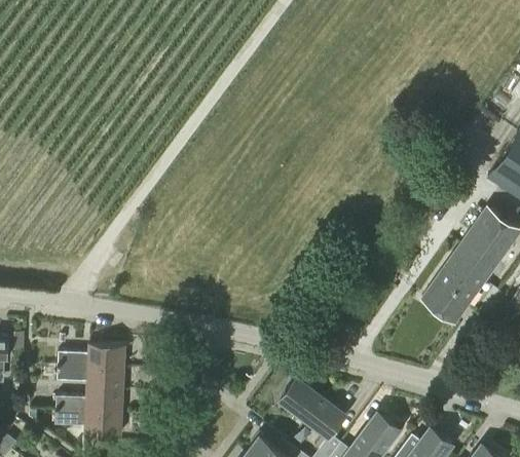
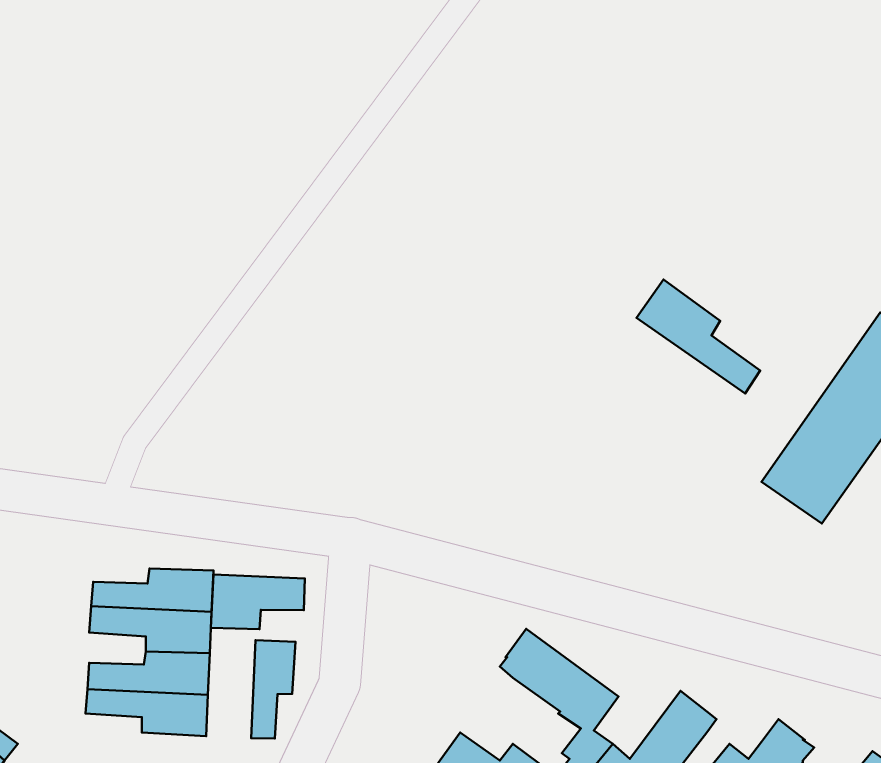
building: none -> [637,280,760,394]
building: none -> [211,574,305,629]
building: none -> [251,640,295,739]

